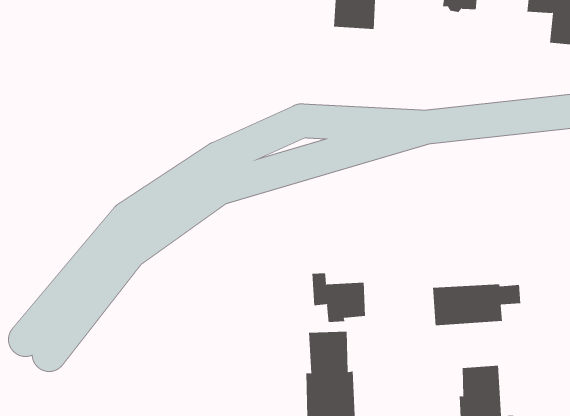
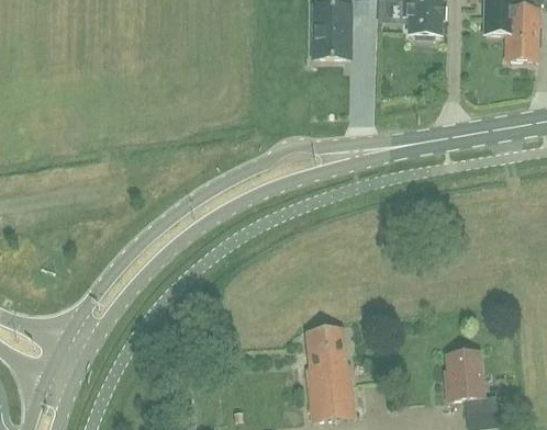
building: [312,273,366,323] -> none
building: [433,283,521,326] -> none

